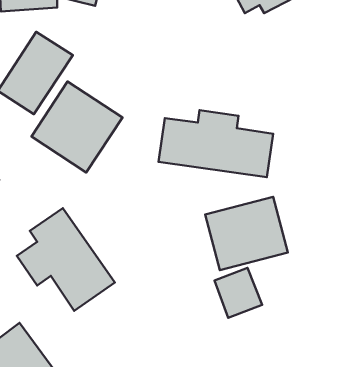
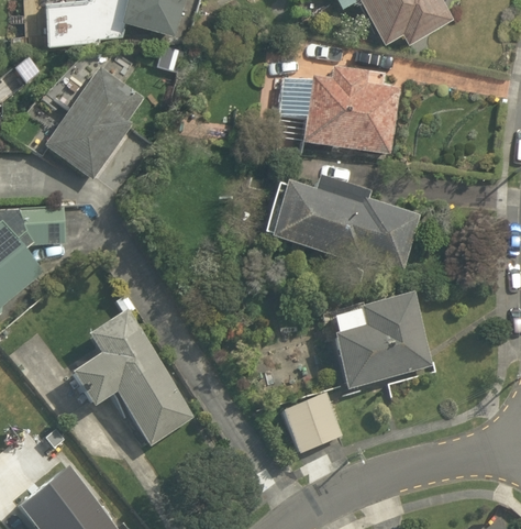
building: none -> [275,60,400,152]
building: [31,81,123,173] -> none
building: [214,268,262,318] -> [278,388,343,456]

